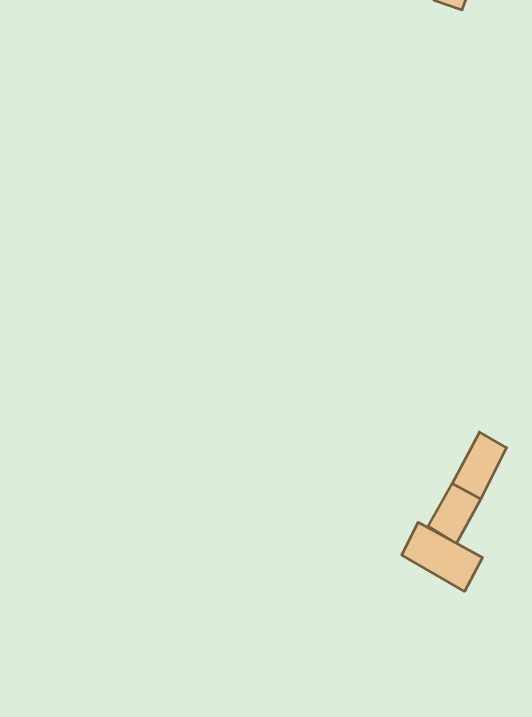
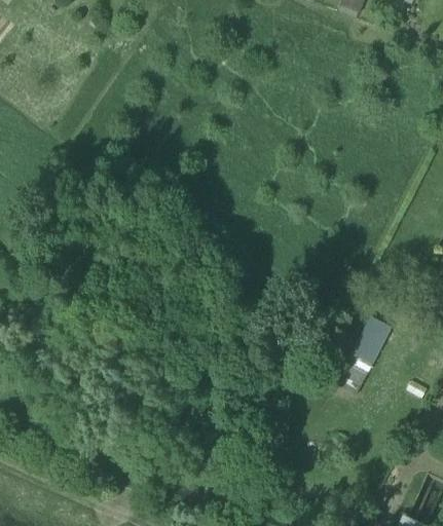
building: [402,522,482,591] -> none

